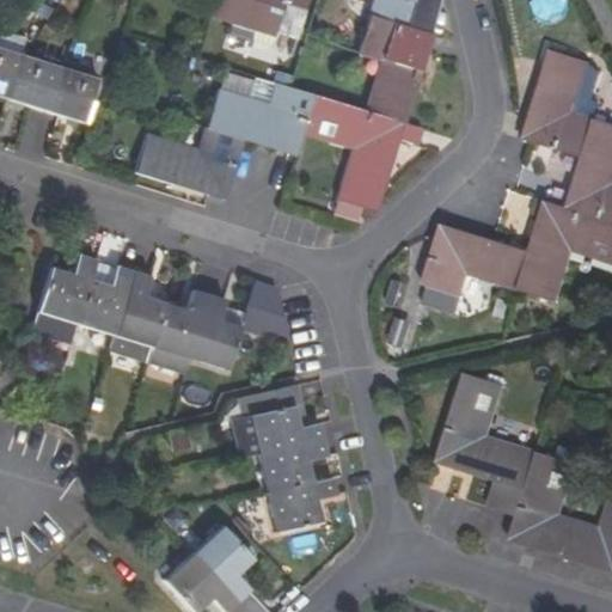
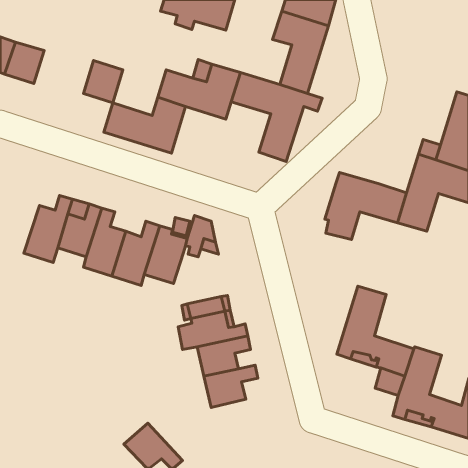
building: [525,50,601,158] -> none
building: [45,66,97,121] -> [84,61,123,103]
building: [194,525,253,600] -> none

